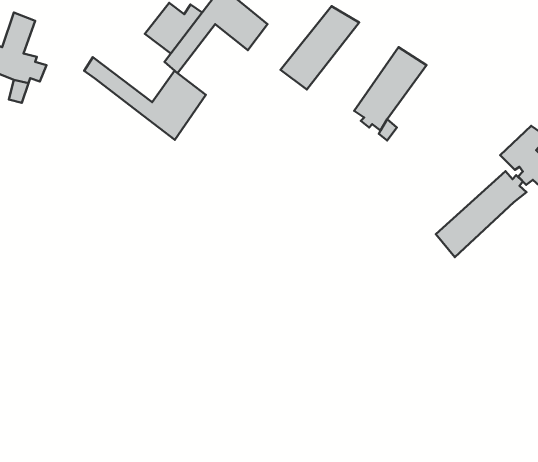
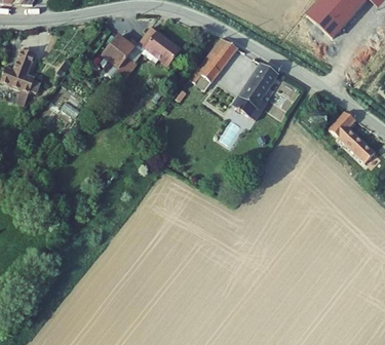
building: [84,57,206,140] -> none
building: [436,171,526,257] -> none

